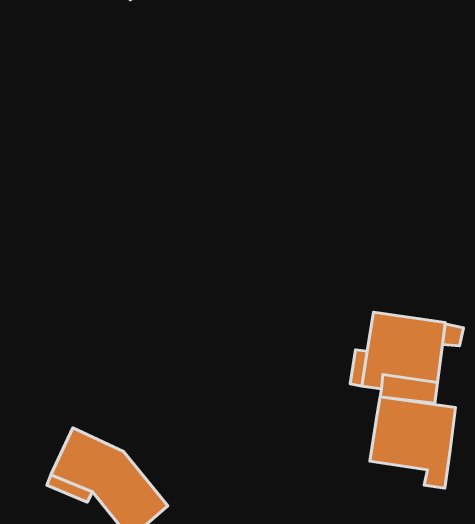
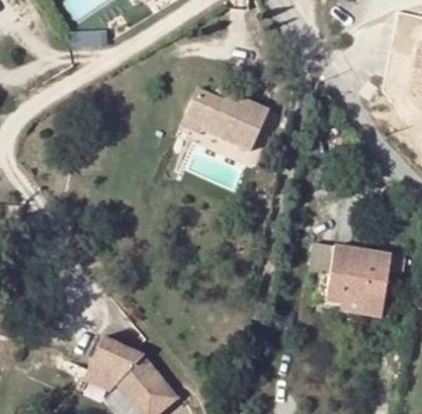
building: none -> [182,89,266,152]
building: [370,397,456,488] -> none

